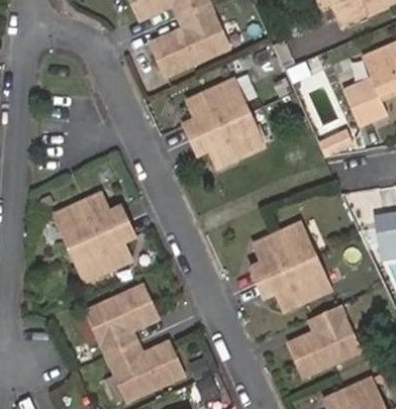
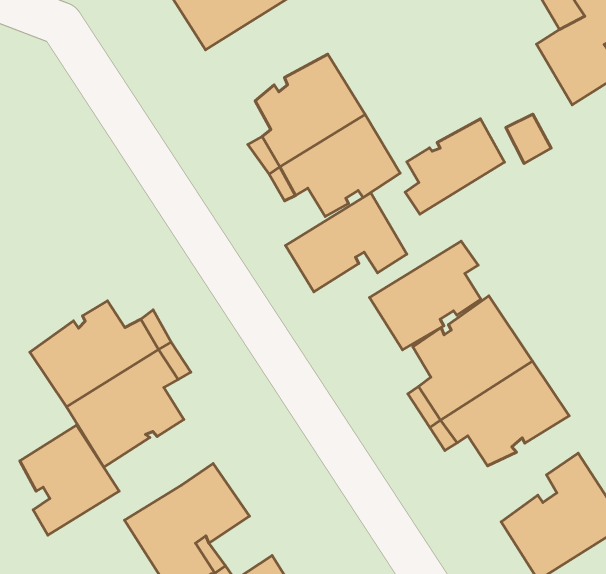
building: none -> [405,119,505,214]
building: none -> [285,193,407,292]
building: none -> [369,241,481,350]
building: none -> [20,425,119,535]

